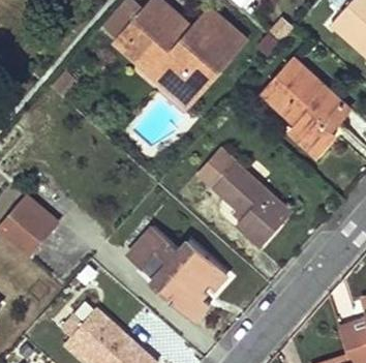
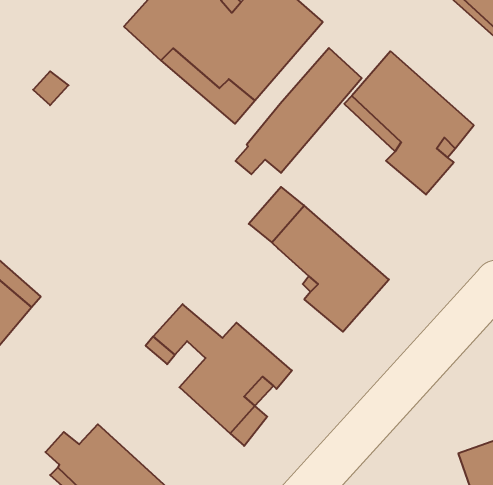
building: none -> [236,48,362,174]

